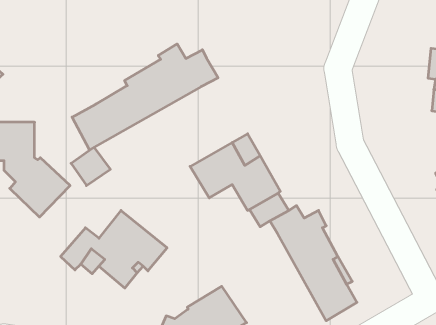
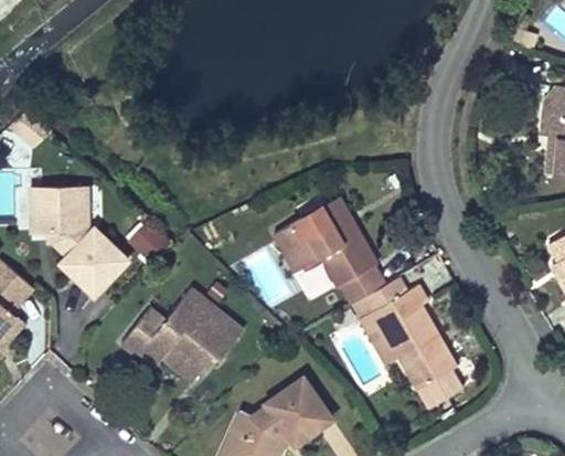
building: [72,44,218,150] -> none

